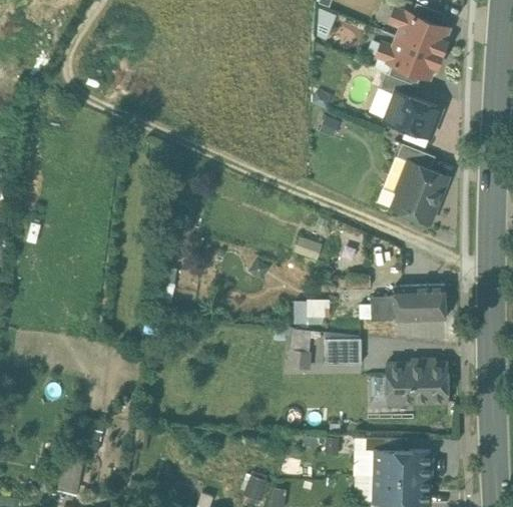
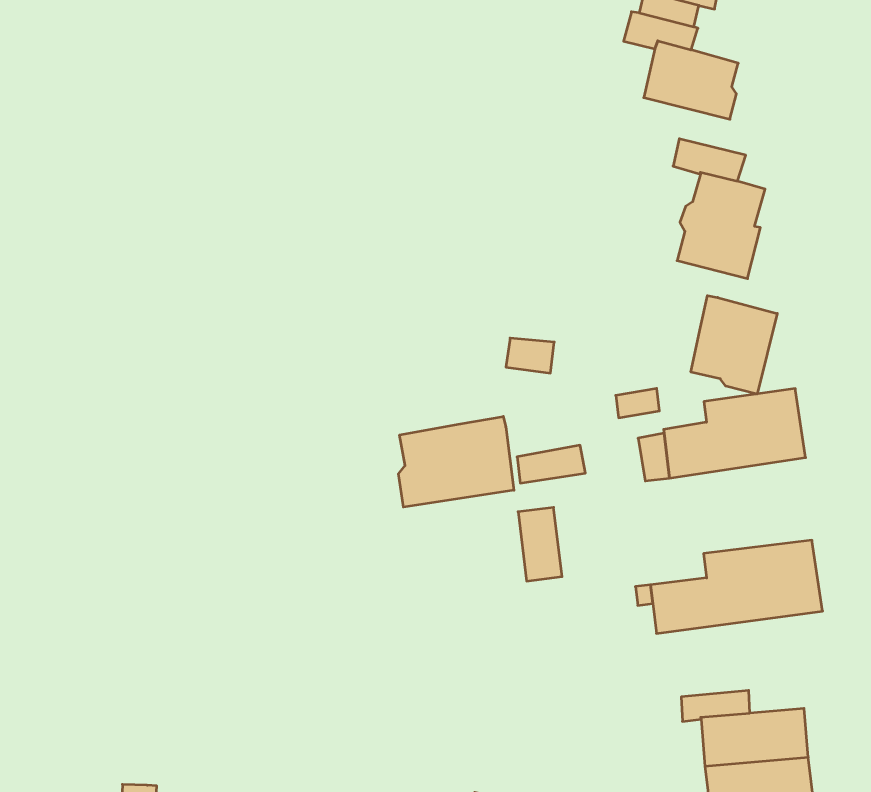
building: none -> [691,296,777,394]
building: none -> [398,416,514,507]
building: [325,338,363,365] -> none

